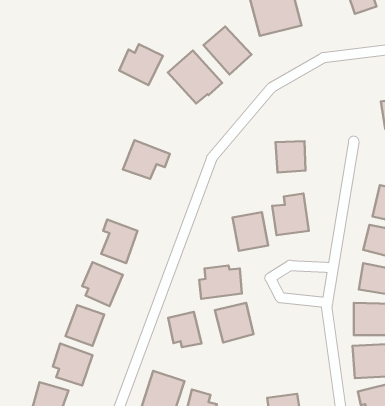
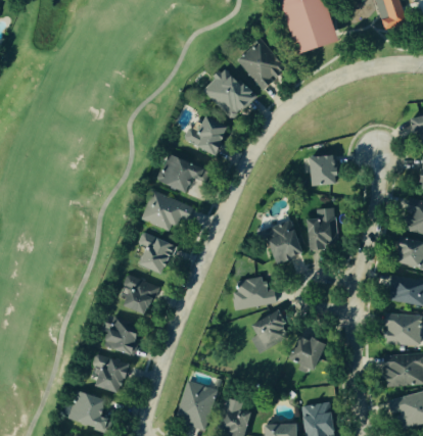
building: [119,44,163,85] -> [186,115,229,155]
building: none -> [143,190,194,233]
building: [168,312,201,347] -> none
building: none -> [288,337,325,371]

